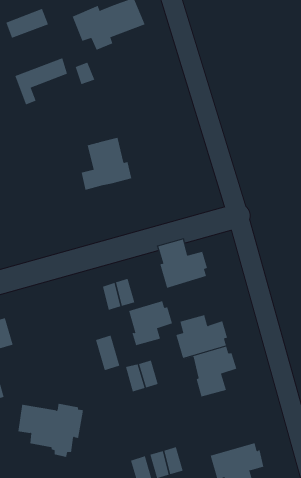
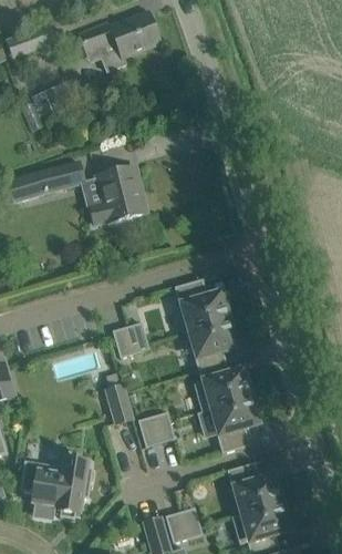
building: none -> [8,162,84,201]
building: [123,300,173,346] -> [184,319,239,369]
building: none -> [227,461,281,516]

